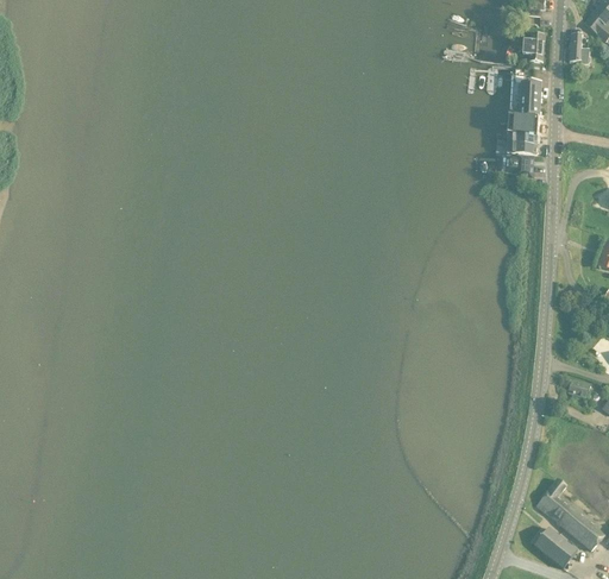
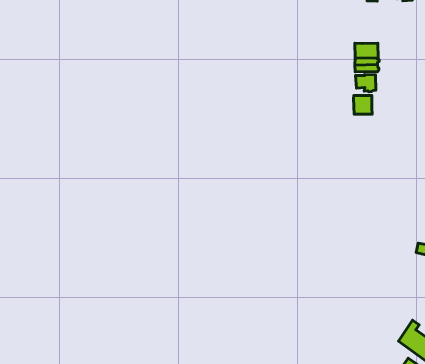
building: [517,80,539,117] -> none
building: none -> [354,95,372,114]

